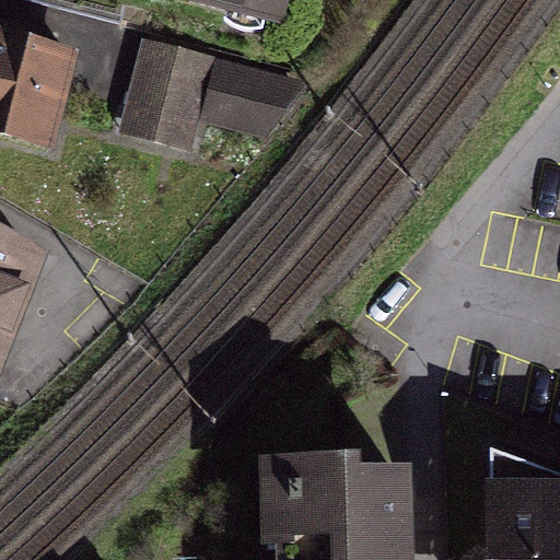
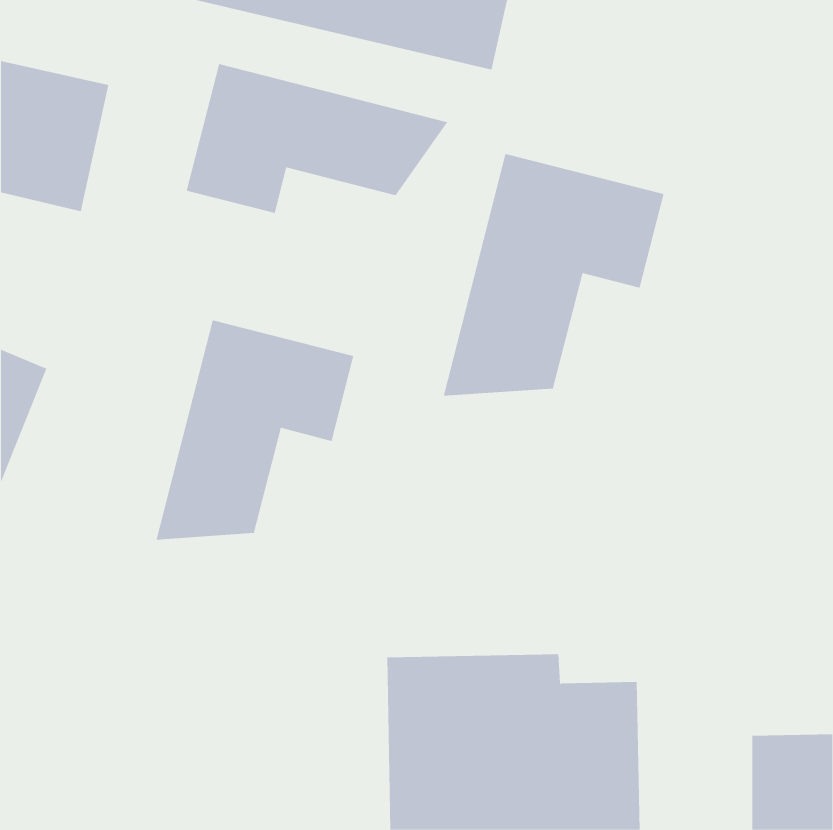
building: none -> [443,153,664,397]
building: none -> [156,320,354,541]

